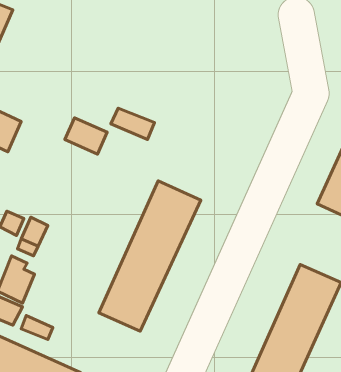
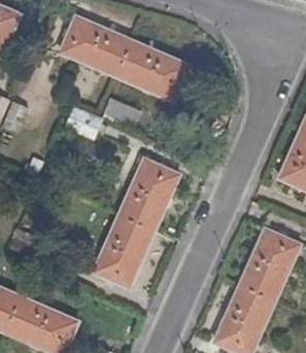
building: none -> [61,15,190,100]

